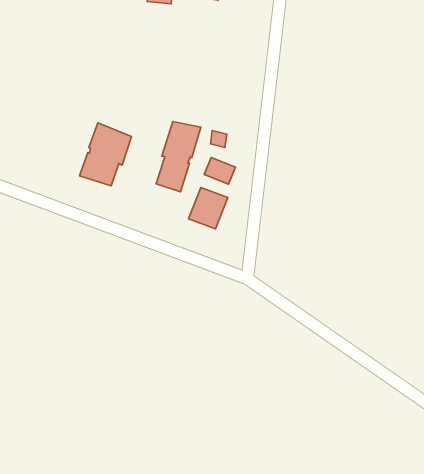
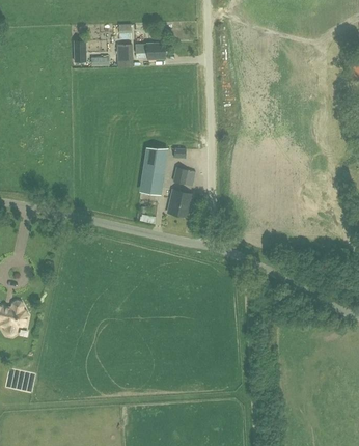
building: [80,123,132,186] -> none

